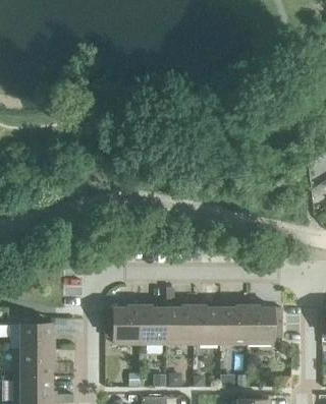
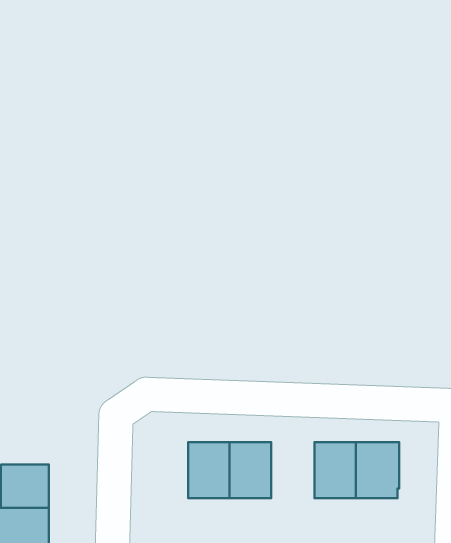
building: [113,308,141,344] -> none
building: [194,308,221,344] -> none

